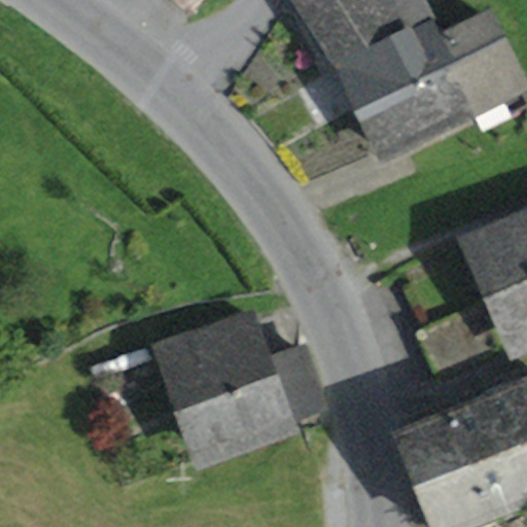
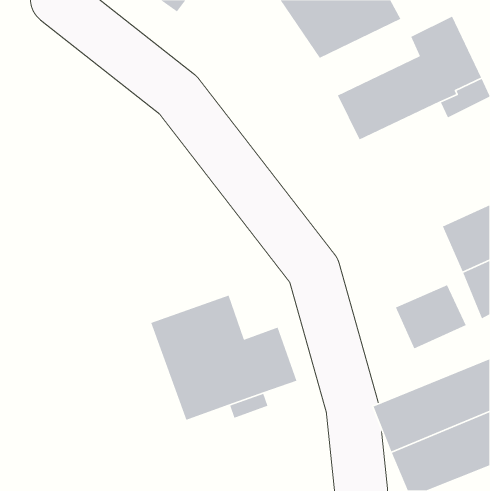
building: [342,21,448,102] -> none

